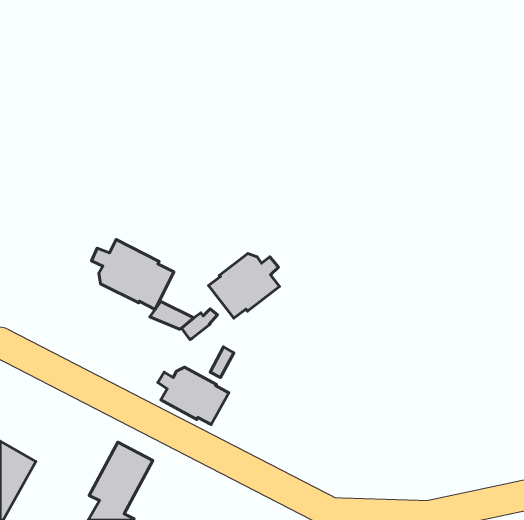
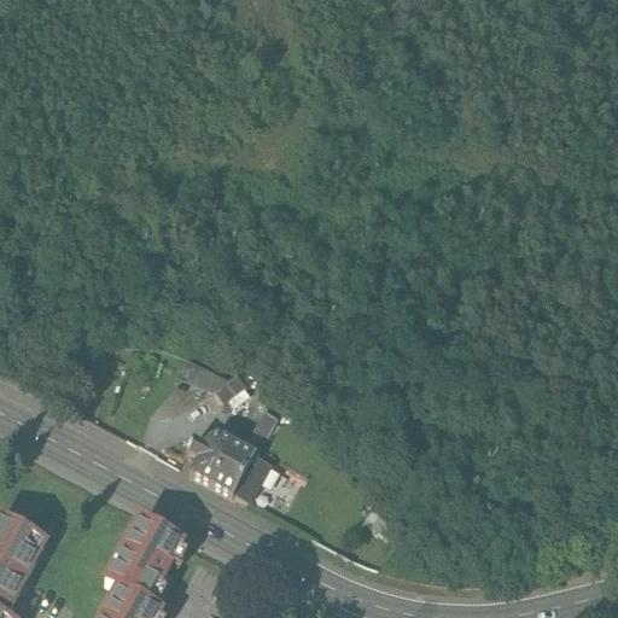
building: [92,240,174,309] -> none
building: [209,253,280,318] -> none

